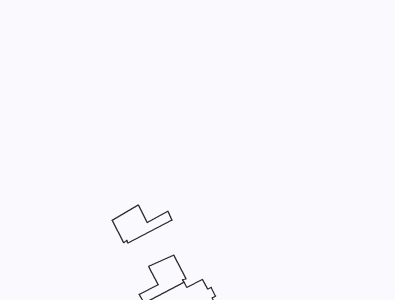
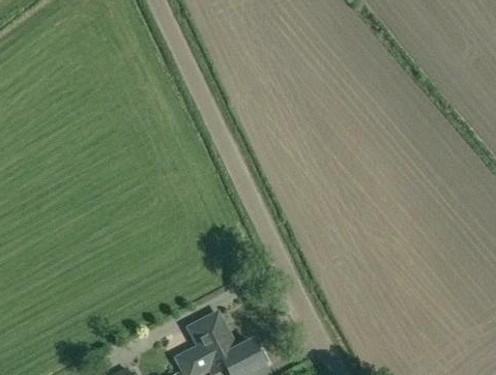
building: [112,205,172,243] -> none

